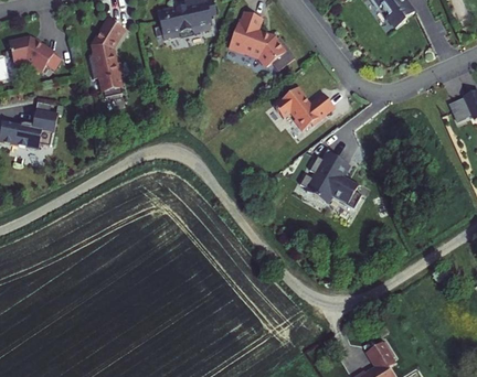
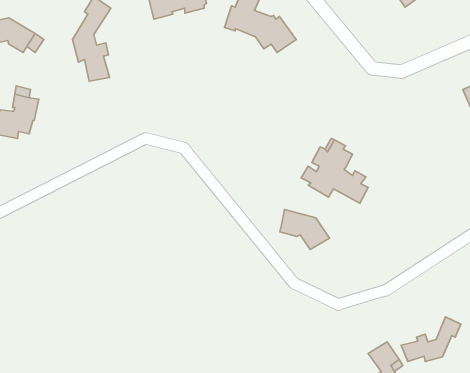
building: [274,87,335,131] -> none
building: none -> [280,210,329,250]
building: none -> [401,317,461,362]

